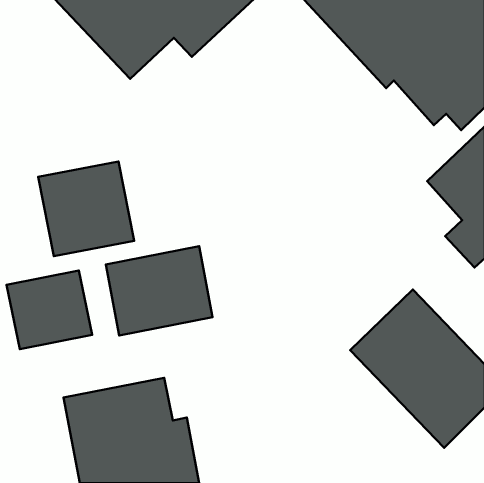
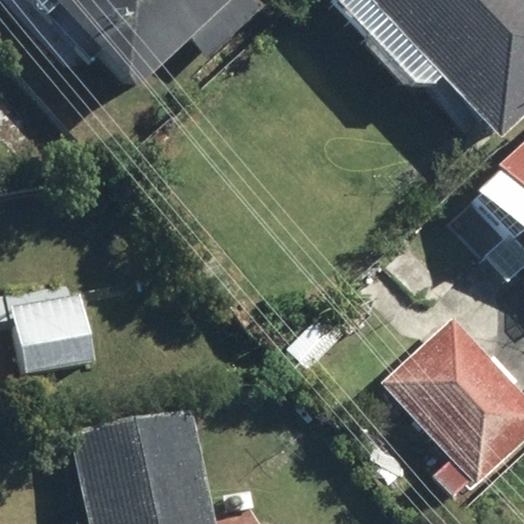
building: [38,161,134,256] -> none
building: [106,246,213,336] -> none

